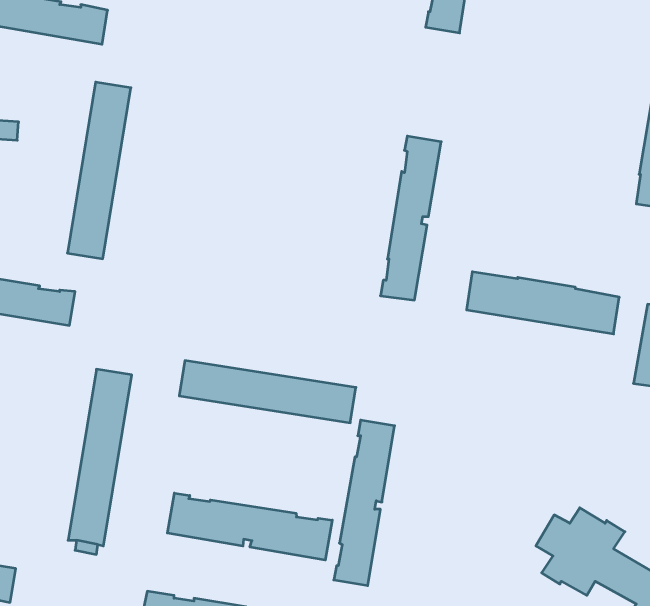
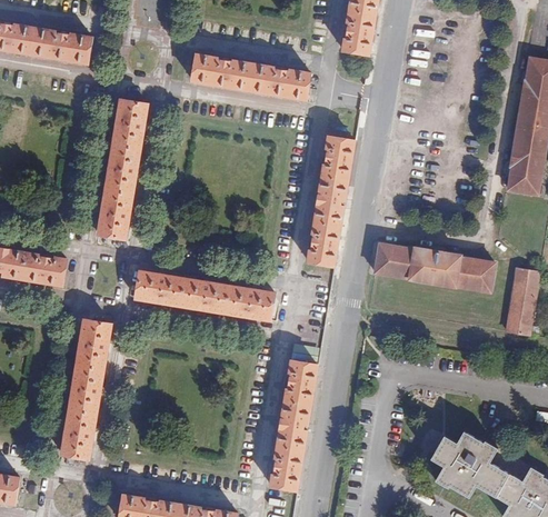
building: none -> [191,54,311,100]
building: [67,82,131,259] -> [98,100,148,239]
building: [179,361,356,423] -> [136,271,275,320]
building: [167,493,332,560] -> none

